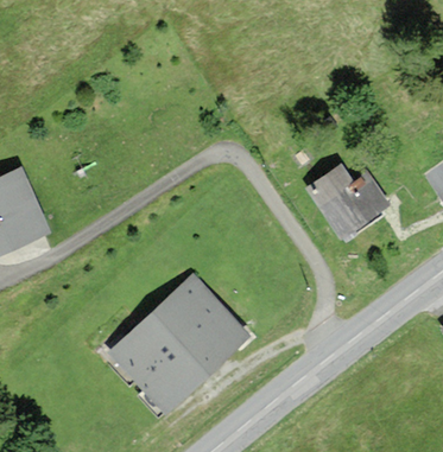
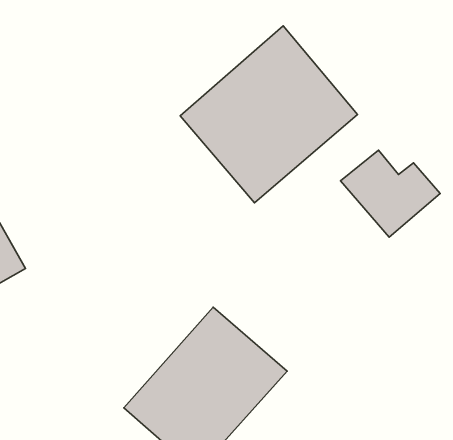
building: none -> [180,26,357,203]

